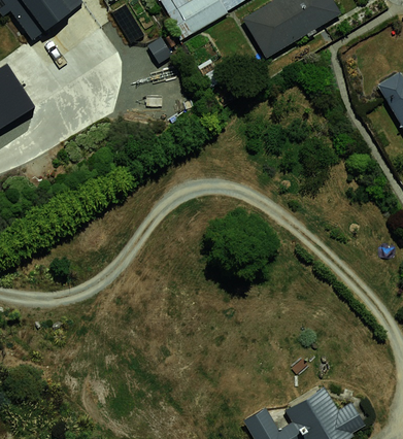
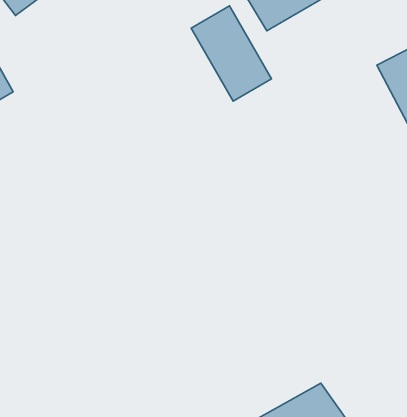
building: none -> [191,6,272,101]

